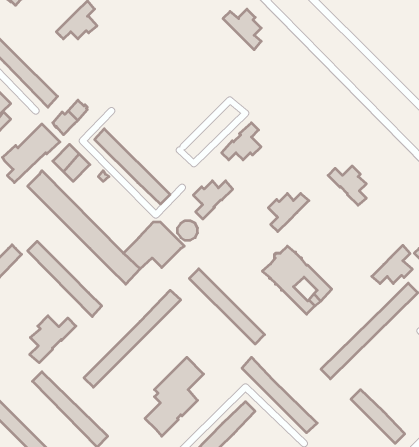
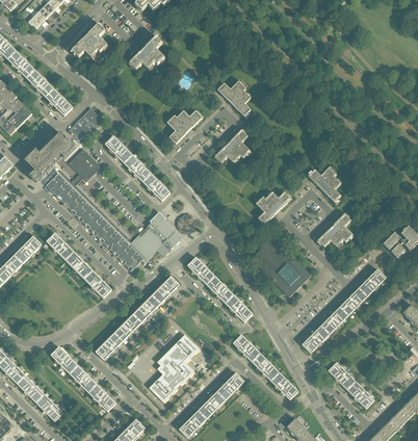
building: [223,9,261,50] -> [216,81,250,116]
building: none -> [128,36,163,70]
building: [193,181,233,219] -> [166,110,201,144]
building: [372,245,412,284] -> [316,213,351,247]
building: [30,316,76,363] -> none

